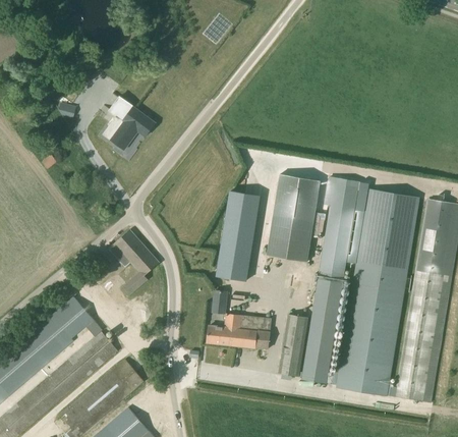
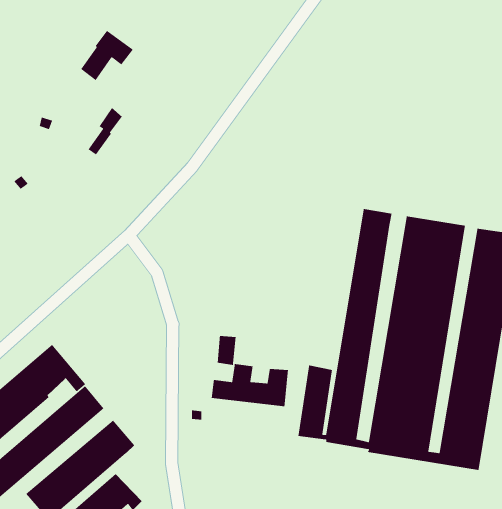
building: [111,107,156,150] -> [80,30,134,81]
building: [267,174,321,262] -> none
building: [217,192,260,281] -> none
building: [108,230,160,295] -> none

